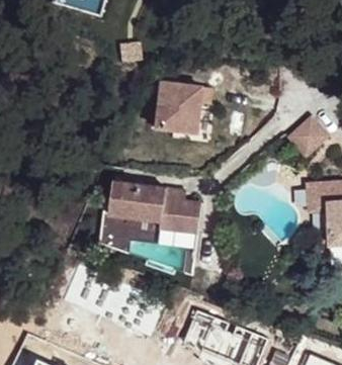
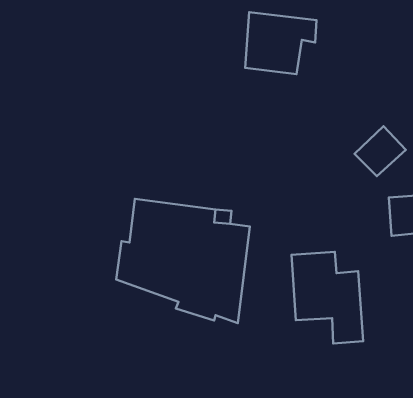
building: [152,91,206,139] -> [245,12,316,74]
building: none -> [292,252,363,343]

